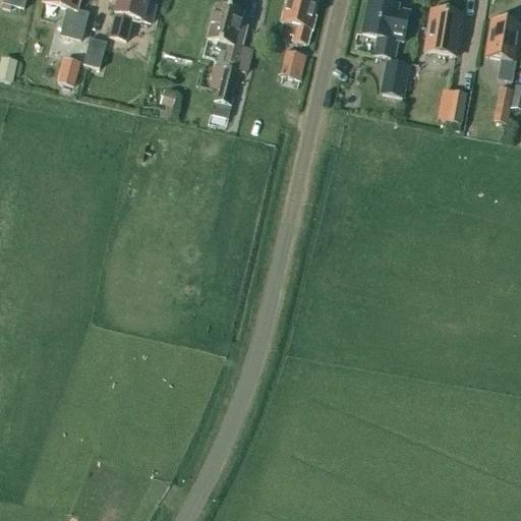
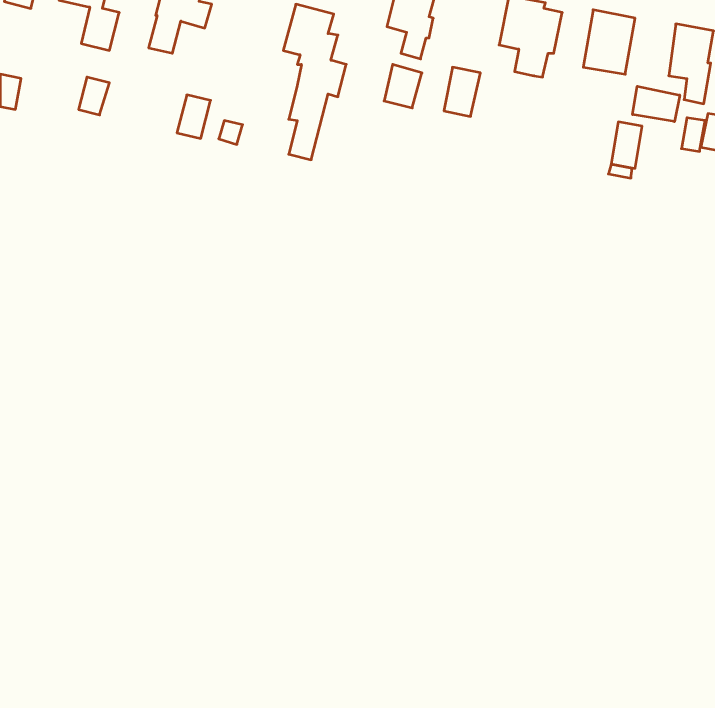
building: [82,36,107,67] -> [177,95,211,138]
building: [383,60,409,96] -> [444,67,480,116]
building: none -> [633,86,680,122]

